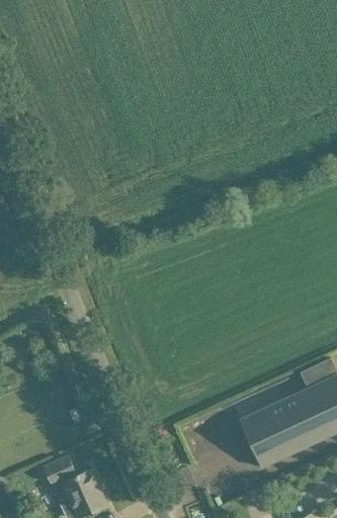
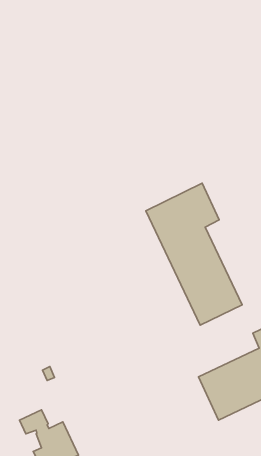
building: none -> [146,183,242,325]

